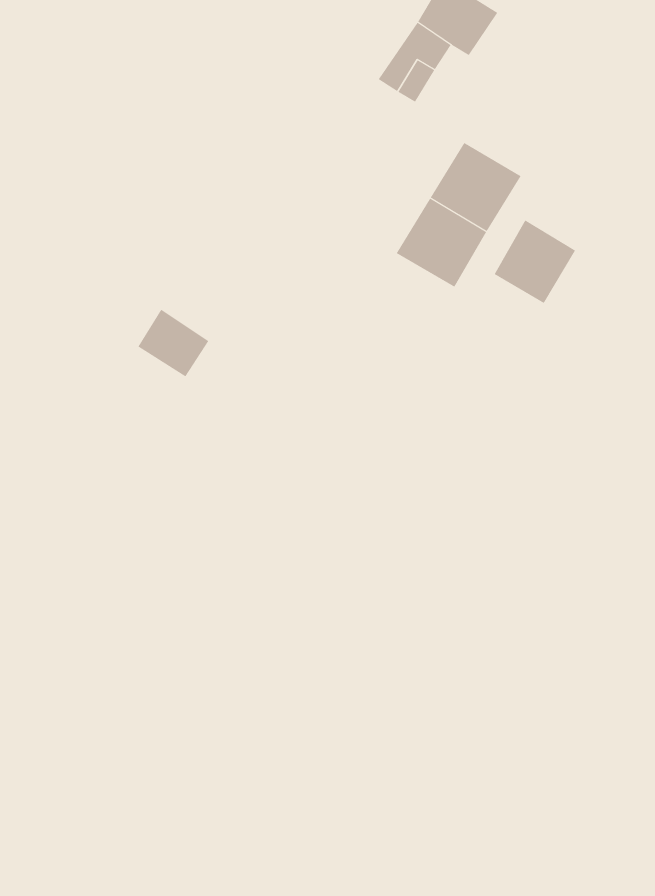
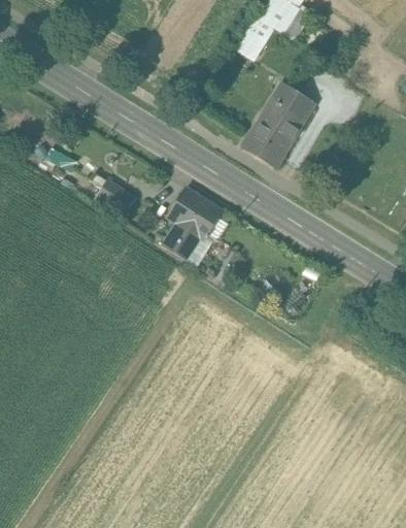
building: [494,220,576,304] -> none
building: none -> [166,187,224,265]

